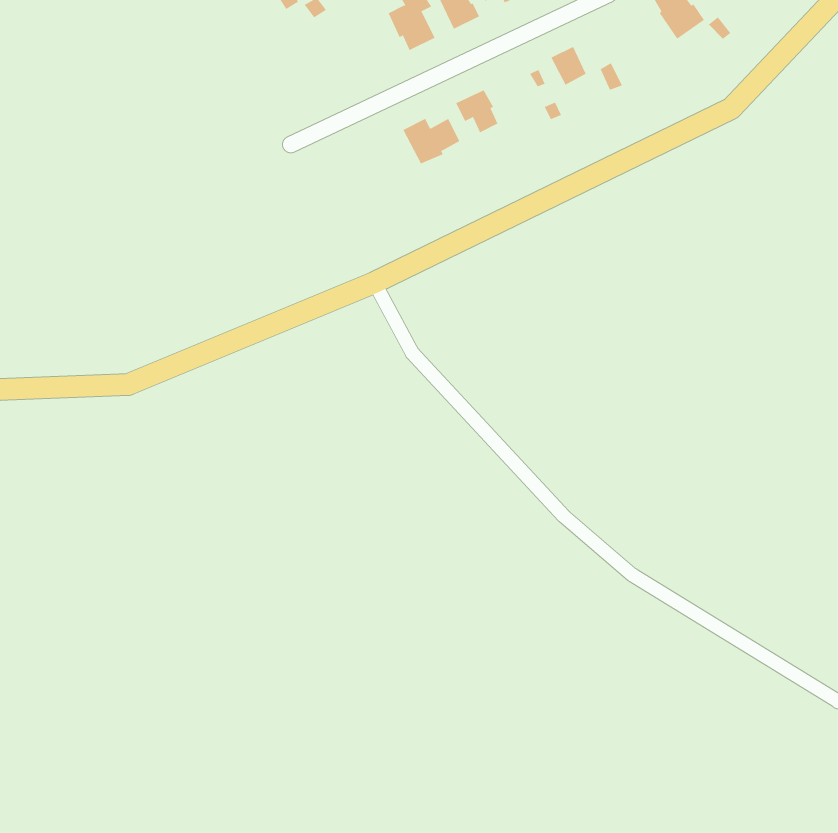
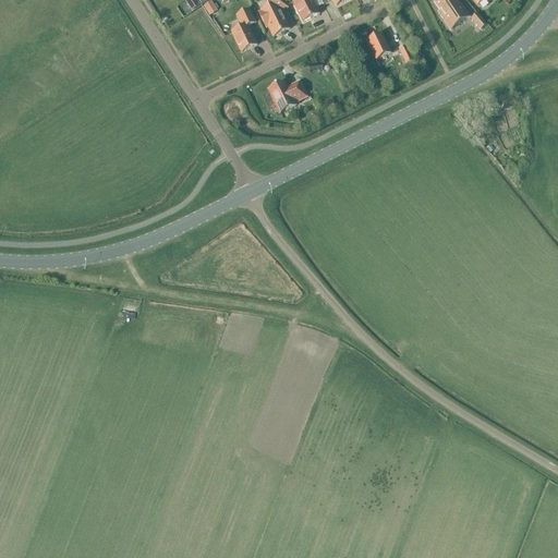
building: none -> [230,7,256,49]
building: [455,89,498,133] -> none

